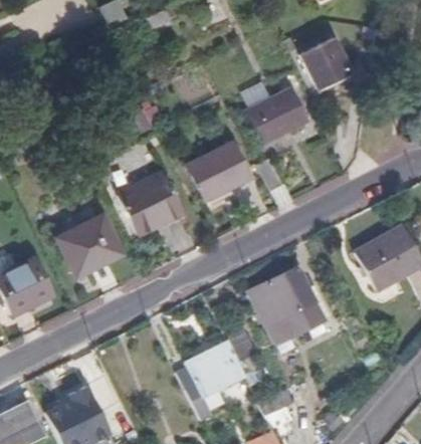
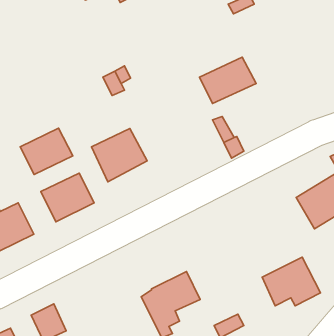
building: [300,39,351,87] -> none
building: [191,145,250,201] -> none
building: none -> [20,128,73,174]
building: [251,268,319,324] -> [262,257,320,306]

